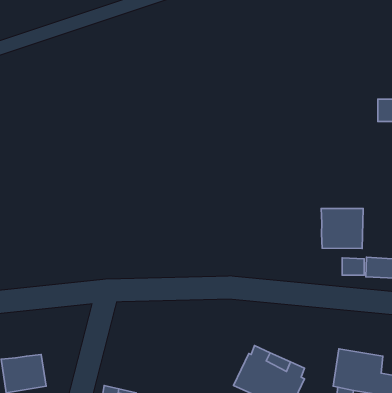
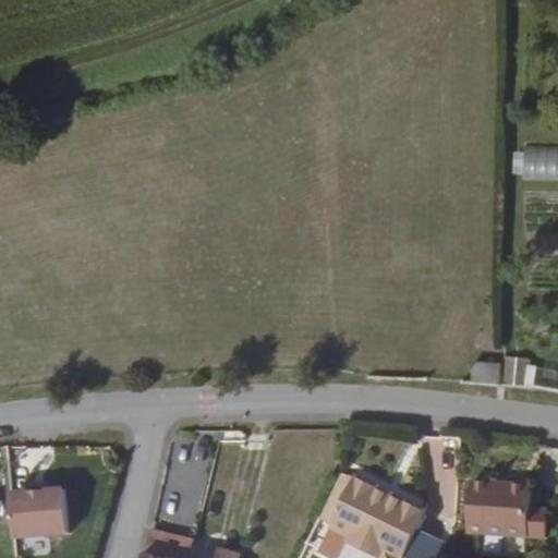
building: [321,209,363,248] -> none

